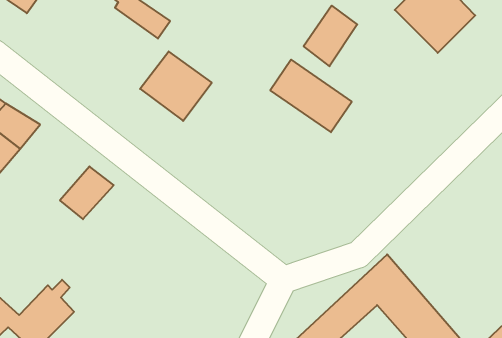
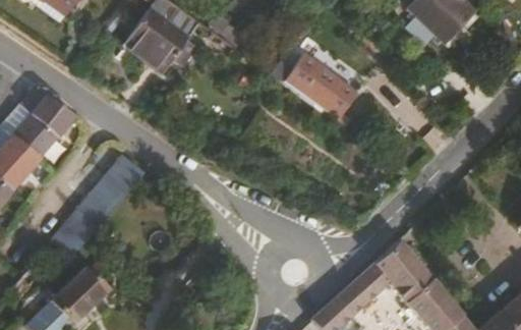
building: [304,6,357,66] -> none
building: [140,51,212,121] -> [121,9,187,73]
building: none -> [53,187,118,257]

